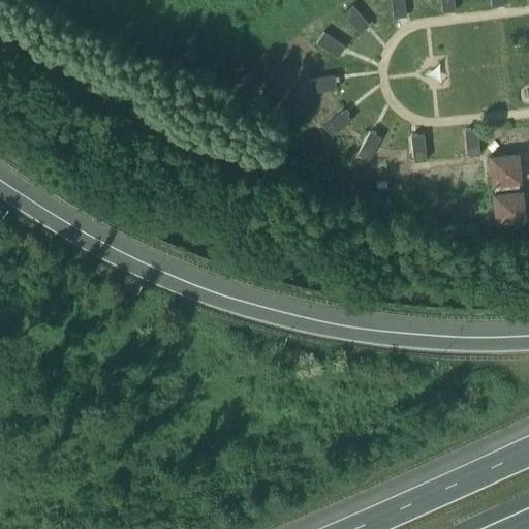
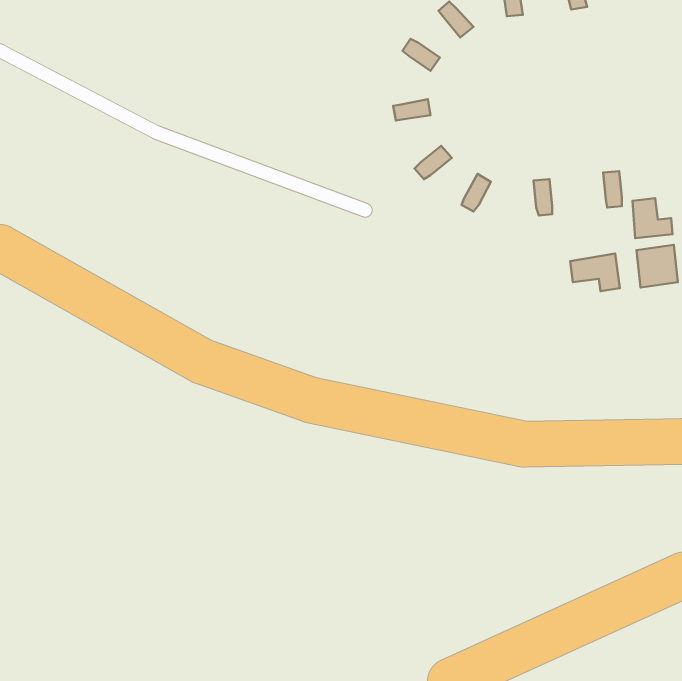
building: none -> [570,254,620,291]

